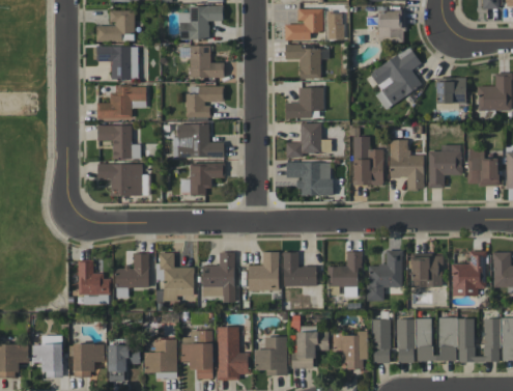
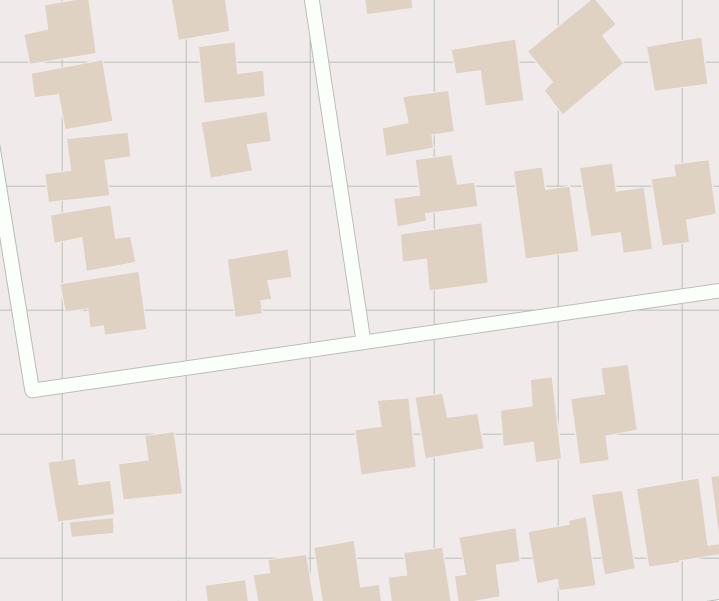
building: [285,45,321,79] -> [451,39,524,106]
building: [173,123,225,158] -> none
building: [163,252,194,301] -> none
building: [202,252,235,302] -> none
building: [411,254,443,287] -> none

